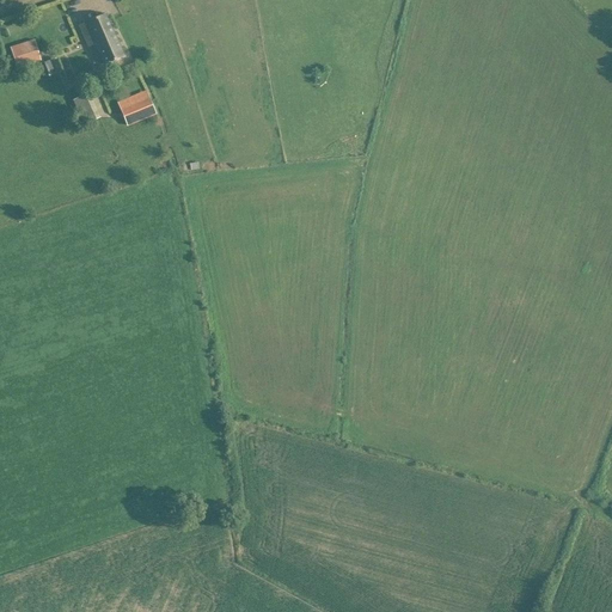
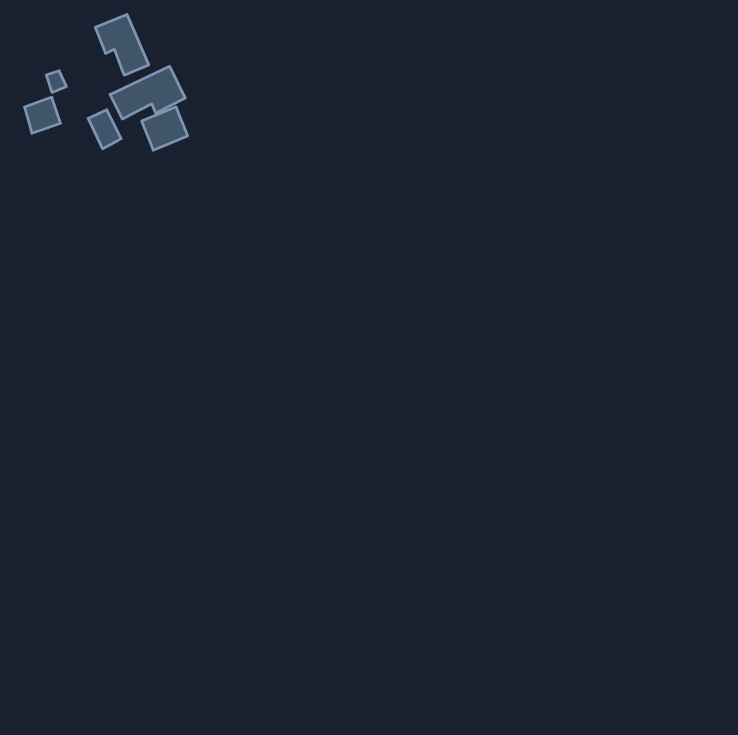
building: [11,37,41,67] -> [24,97,61,133]
building: none -> [110,66,185,119]

